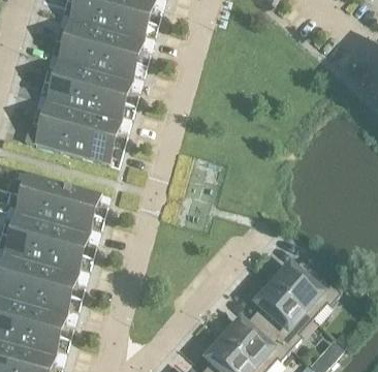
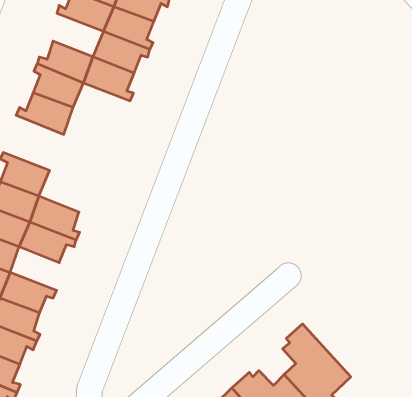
building: [55,60,94,91] -> none
building: [71,112,120,163] -> none
building: [57,182,100,212] -> none
building: [40,243,80,274] -> none
building: [270,261,340,318] -> none

